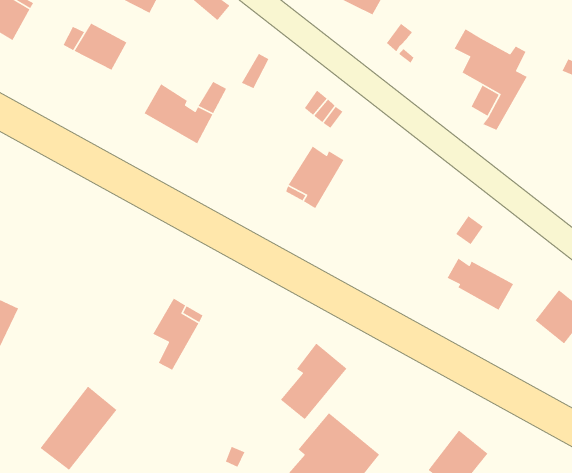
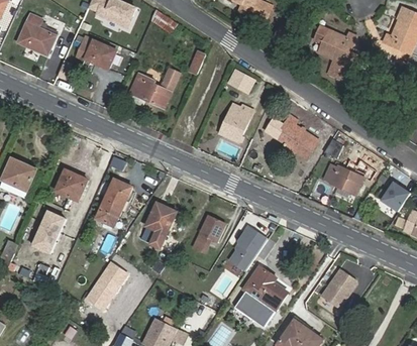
building: none -> [279,116,318,159]
building: none -> [55,169,87,201]
building: none -> [97,178,132,226]
building: none -> [193,215,224,251]

